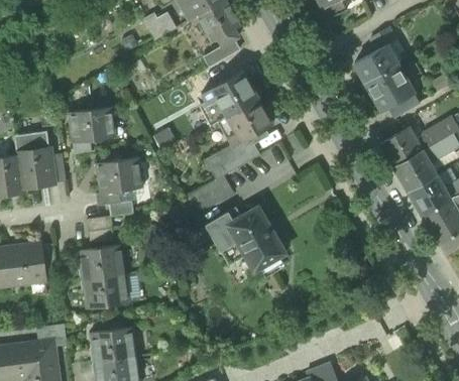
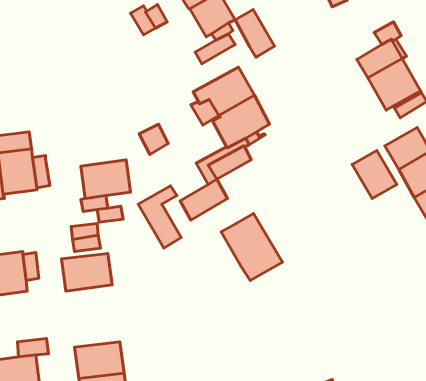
building: none -> [235,10,275,57]
building: [68,107,115,143] -> none
building: none -> [352,151,397,198]
building: [205,208,245,266] -> [138,186,181,248]
building: [82,274,129,309] -> none

